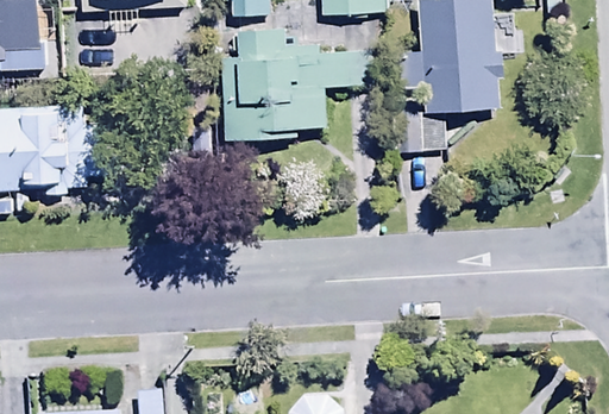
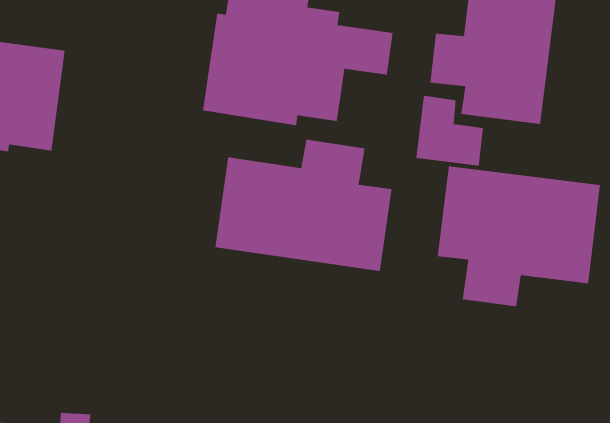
building: none -> [215,139,392,272]
building: none -> [437,165,601,307]

